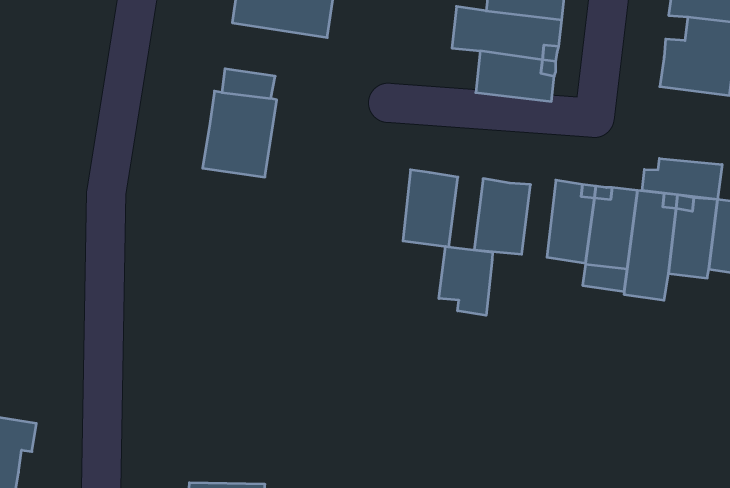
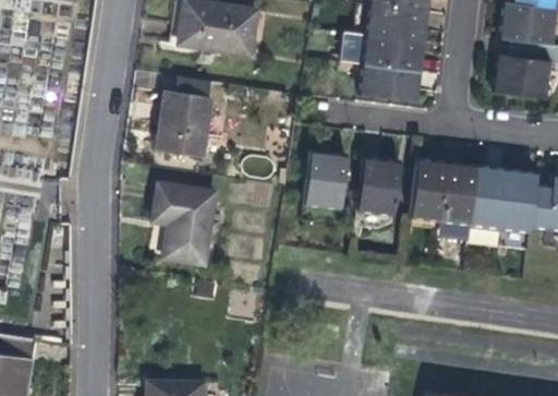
building: [642,158,722,199] -> none
building: none -> [155,183,216,264]
building: [439,246,492,315] -> none

